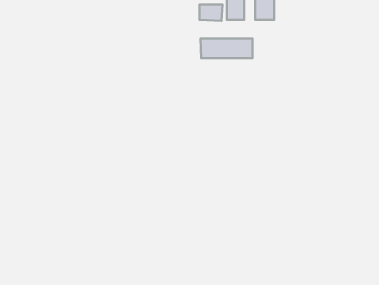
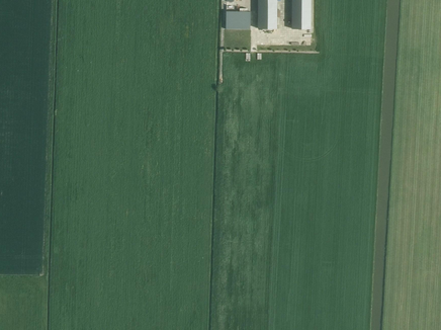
building: [201,39,252,58] -> none

